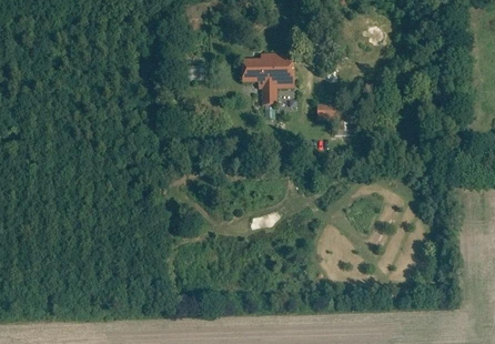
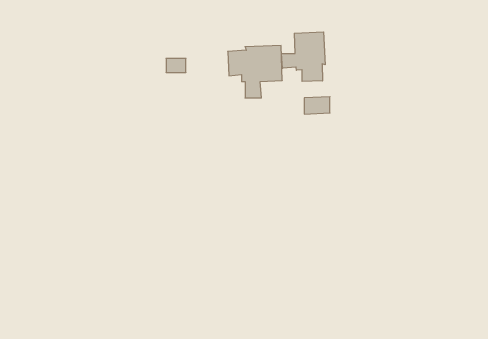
building: none -> [281,32,325,81]

